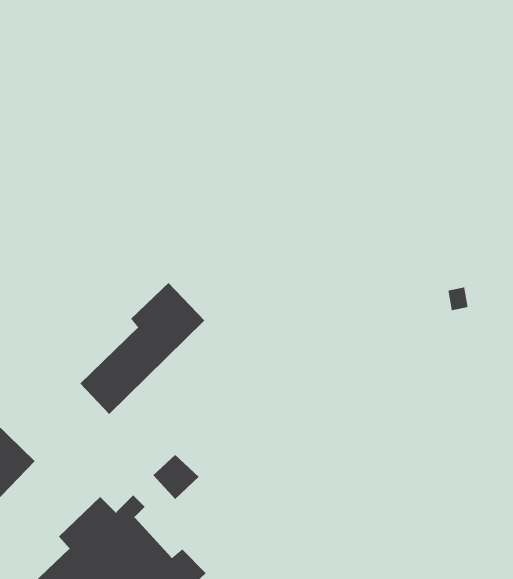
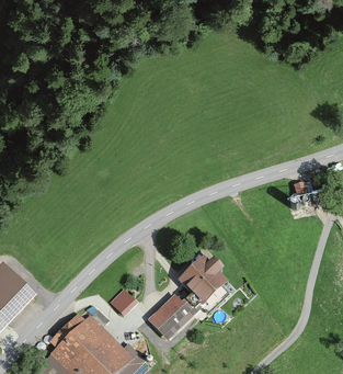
building: [79,282,205,415] -> [148,257,227,340]

